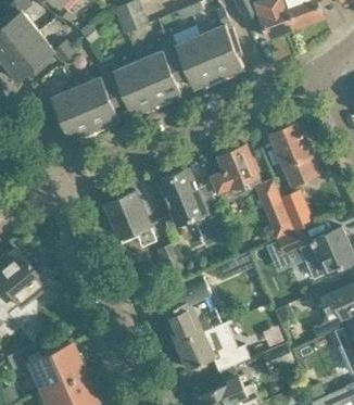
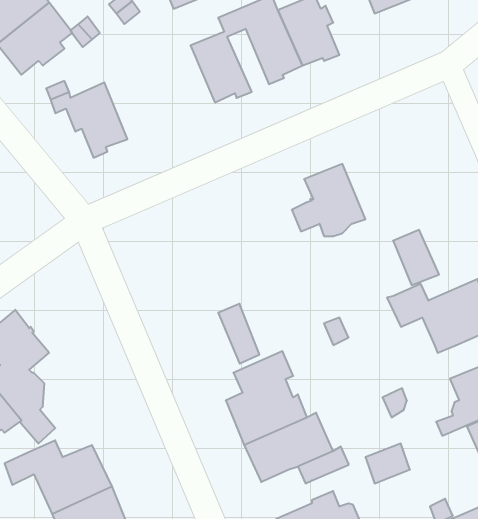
building: [77,61,156,129] -> none
building: [269,122,319,183] -> none
building: [159,168,224,230] -> none
building: [262,178,294,237] -> none
building: [105,190,155,245] -> none

